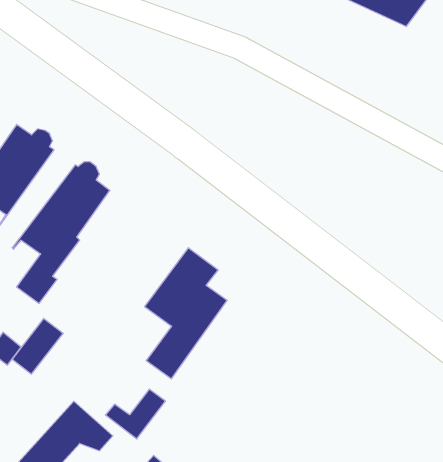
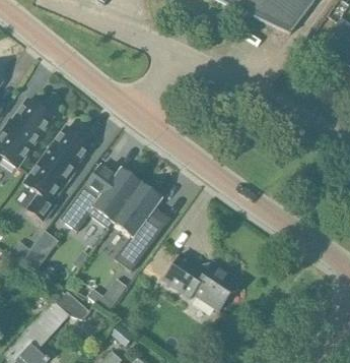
building: none -> [60,167,142,231]
building: none -> [163,252,238,309]

